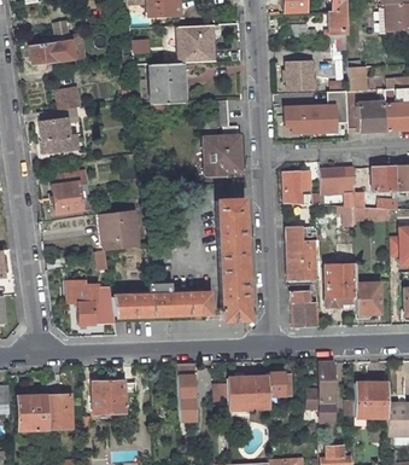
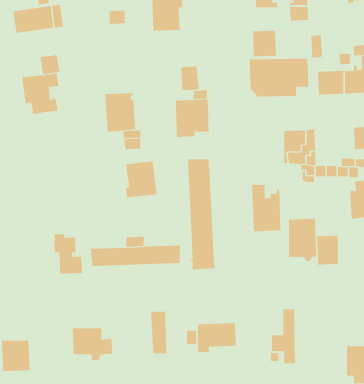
building: [150,63,183,105] -> [105,93,136,132]
building: [372,167,397,192] -> none
building: [53,172,87,214] -> none
building: [284,172,311,204] -> none
building: [104,210,139,250] -> [125,161,158,198]
building: [291,291,320,329] -> none
building: [269,372,292,396] -> none
building: [355,382,388,417] -> none
building: [47,395,72,429] -> none

